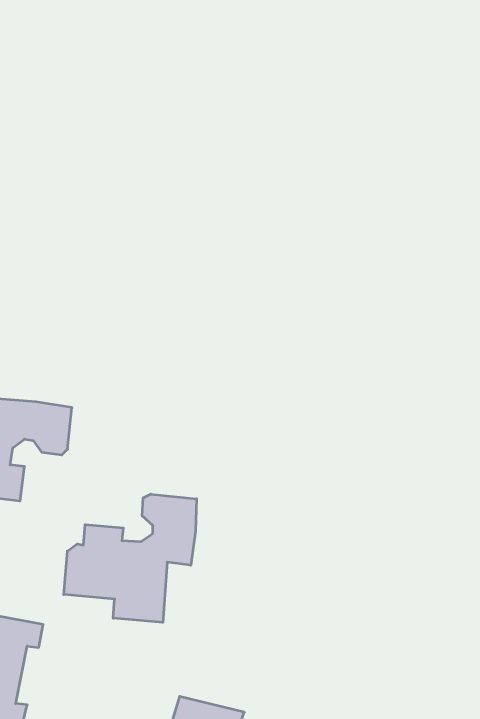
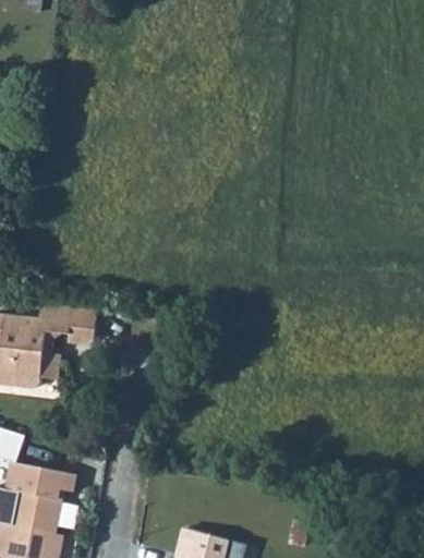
building: [64,494,197,622] -> none

